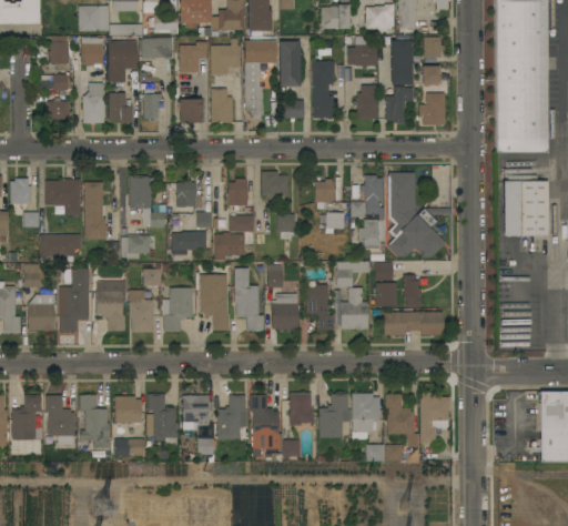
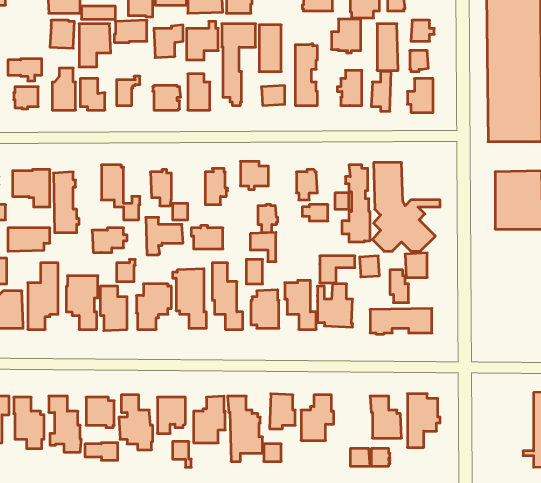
building: [49,36,73,69] -> none
building: [230,214,254,242] -> [250,232,276,262]
building: [376,282,397,305] -> [405,253,427,277]
building: [353,393,381,439] -> none

